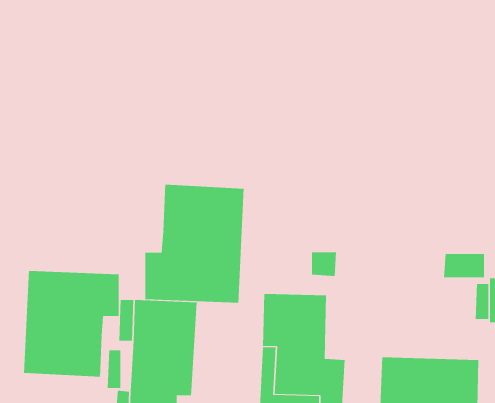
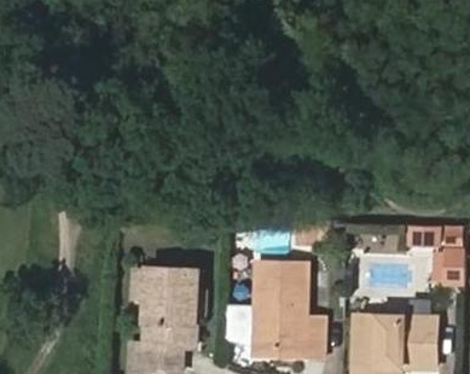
building: [145,184,244,303] -> none
building: [24,270,119,377] -> none

